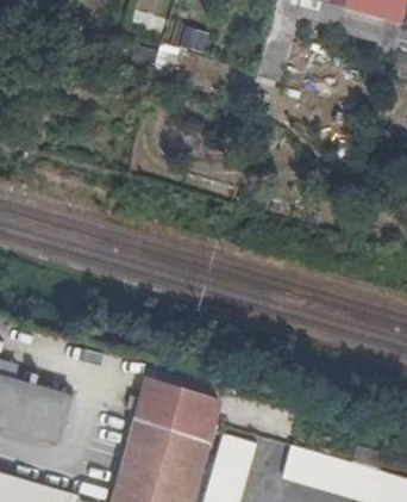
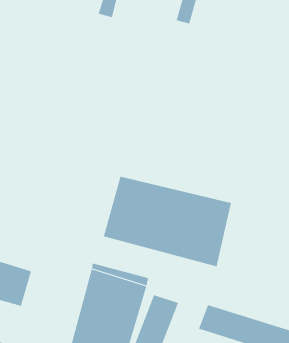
building: none -> [103,176,231,267]

